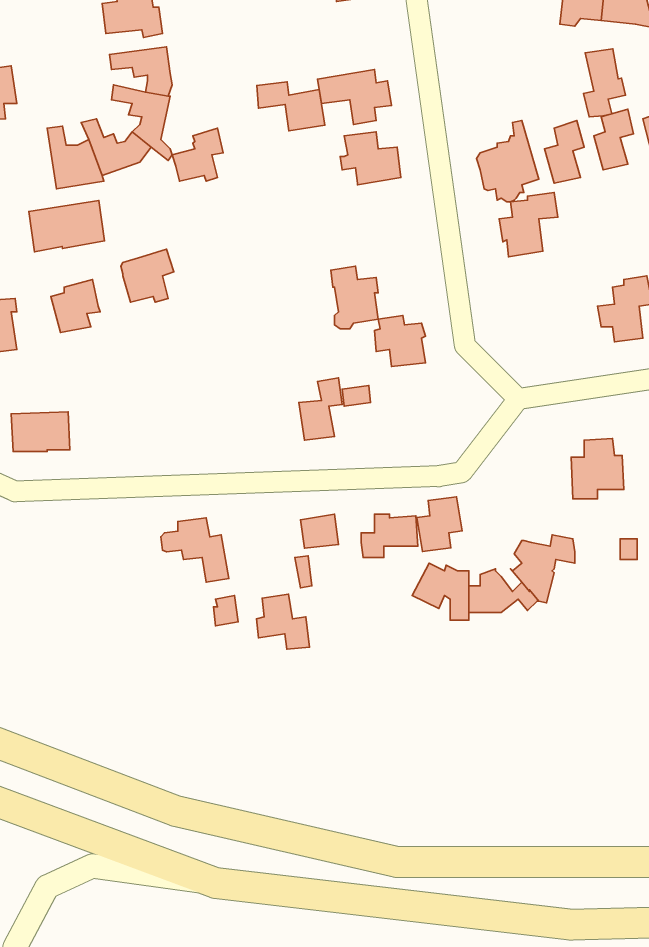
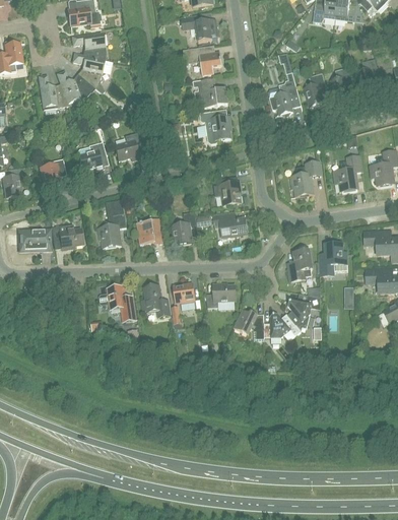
building: [584,49,625,117] -> none
building: [257,82,325,131] -> [182,14,218,41]
building: [172,128,223,181] -> [114,131,141,159]
building: [499,193,558,257] -> [290,161,322,196]
building: [29,201,104,252] -> none
building: [331,266,378,329] -> [205,109,230,142]
building: none -> [97,199,127,247]
building: none -> [213,213,247,236]
building: none -> [136,217,162,244]
building: none -> [51,225,83,249]
building: [417,497,462,552] -> [287,251,312,280]
building: [257,594,309,649] -> [141,286,170,316]

